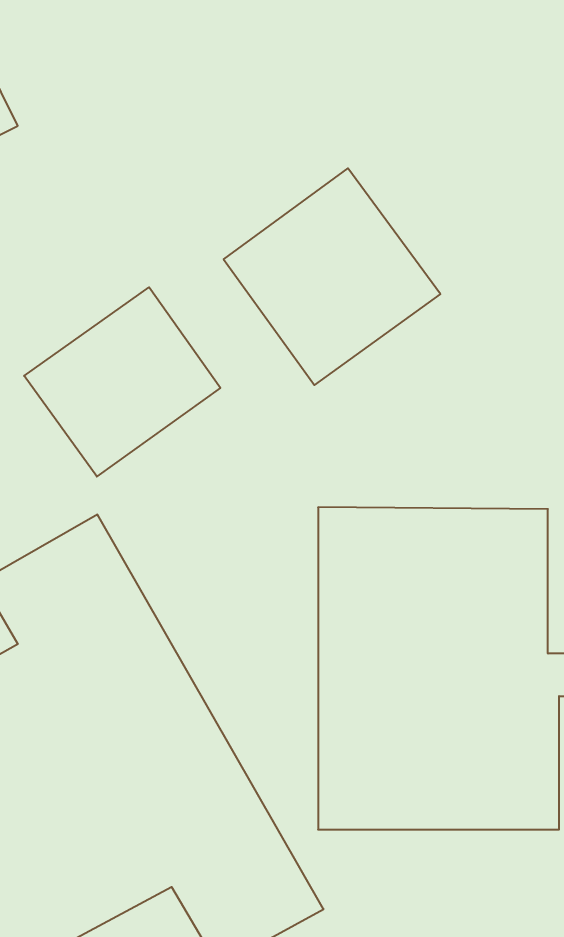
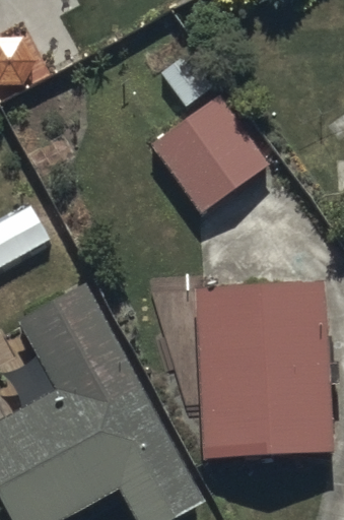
building: [24,287,220,477] -> none

